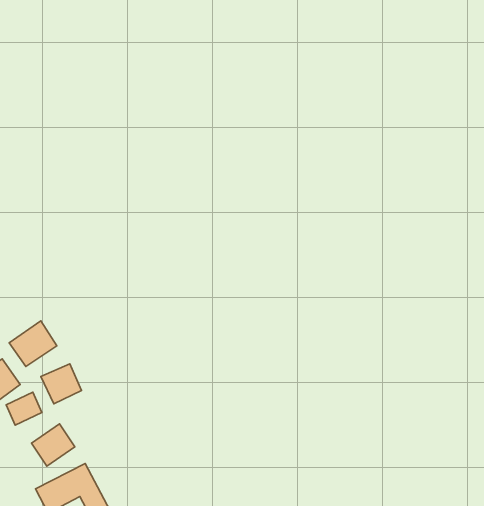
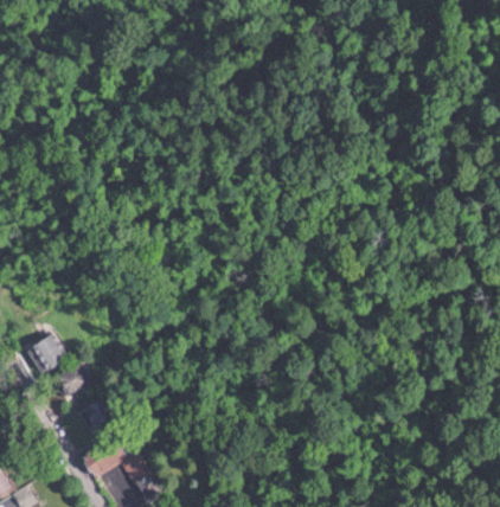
building: [9,321,57,367] -> none
building: [41,364,82,404] -> none

